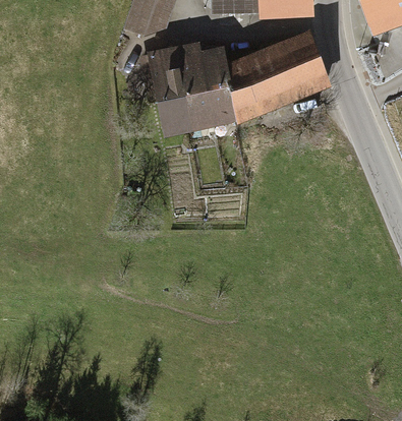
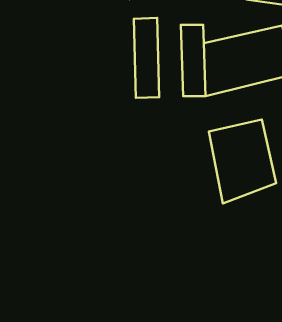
building: [175,44,217,131] -> none
building: none -> [209,120,276,203]

